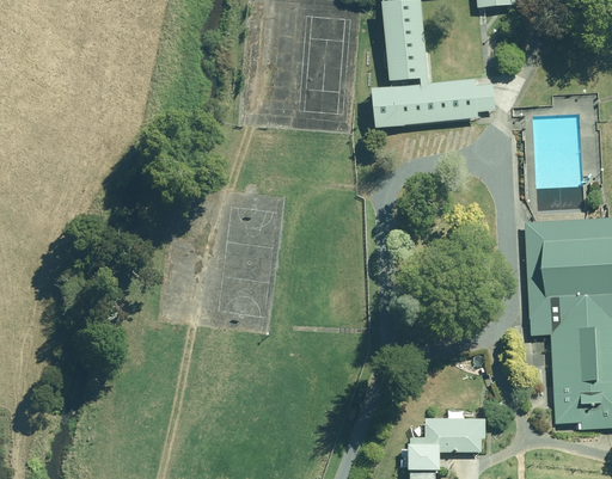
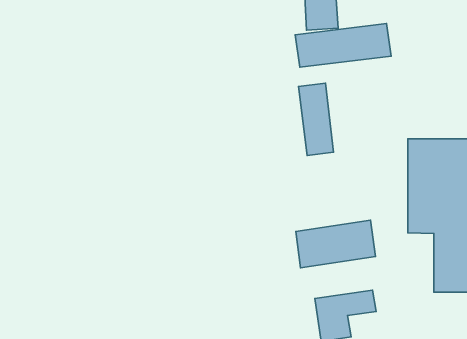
building: none -> [298,83,333,155]
building: none -> [296,220,376,268]

